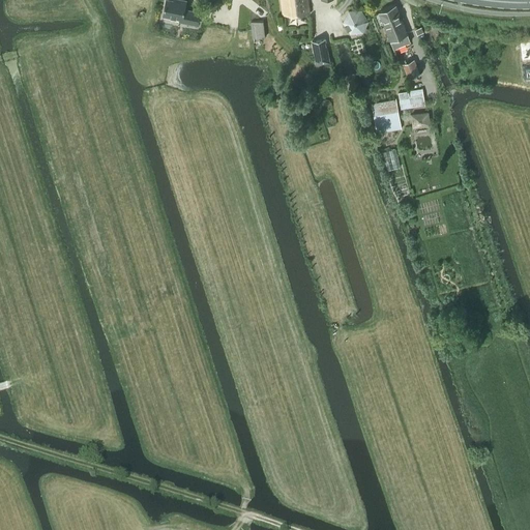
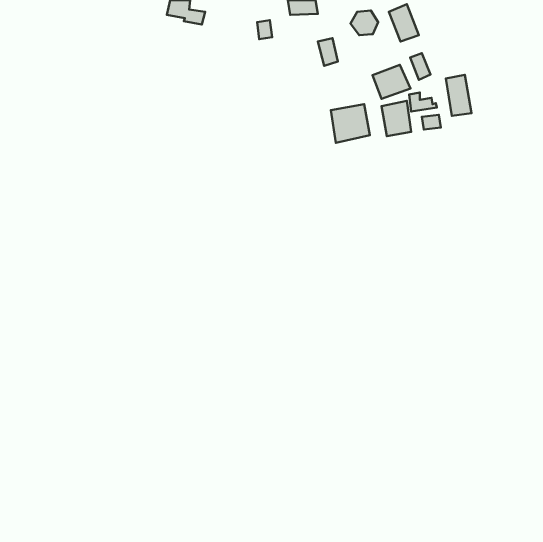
building: none -> [372,65,411,99]
building: none -> [446,75,471,116]
building: none -> [331,104,370,143]

